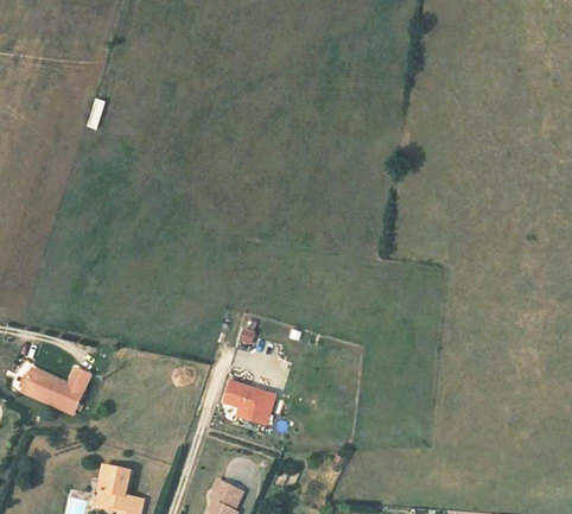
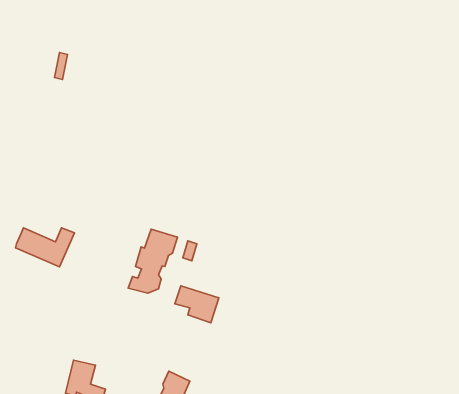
building: none -> [128,229,178,293]
building: [24,372,94,418] -> [16,228,75,267]

